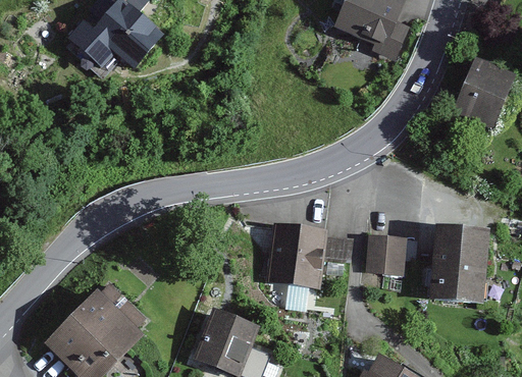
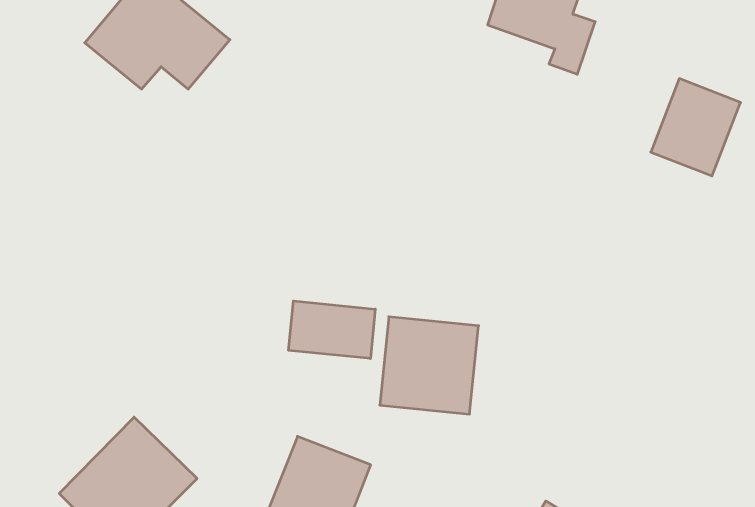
building: none -> [289,301,375,359]
building: [432,228,486,301] -> none
building: [367,235,410,278] -> none

